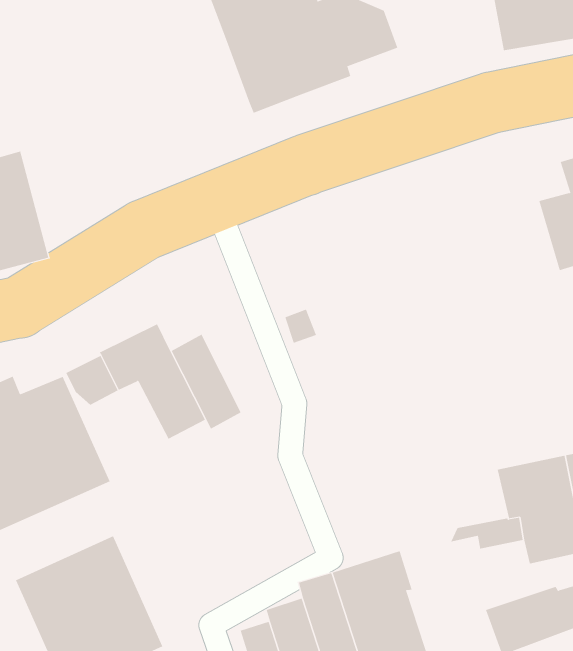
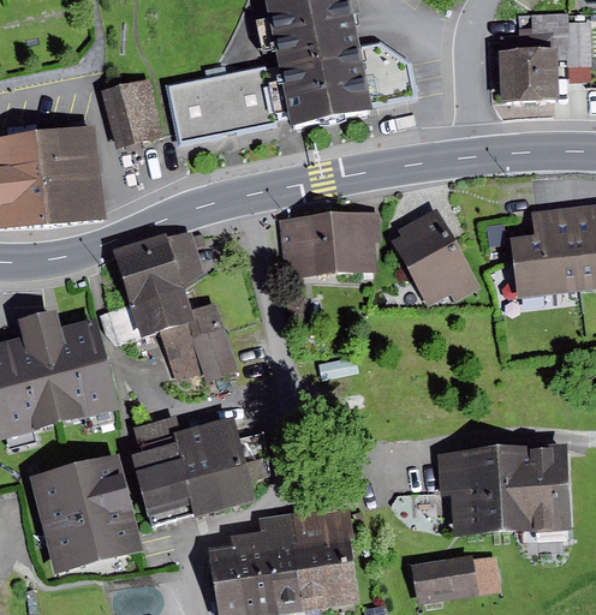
building: none -> [167,65,286,144]
building: none -> [102,78,165,145]
building: none -> [392,205,482,306]
building: none -> [280,213,382,276]
building: none -> [114,231,203,301]
building: none -> [130,414,269,527]

